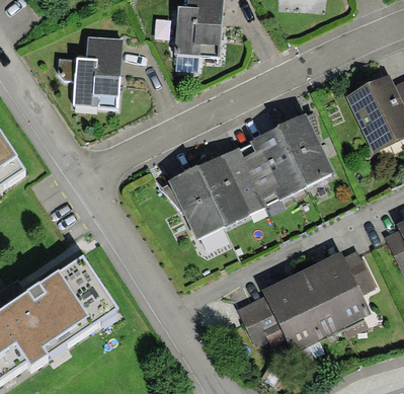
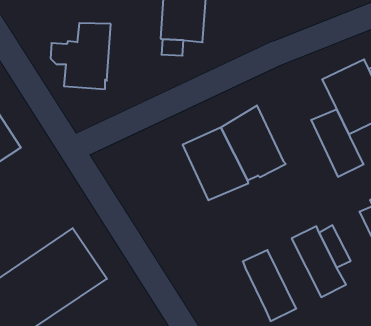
building: [276,113,332,184] -> [311,110,364,177]
building: [168,166,225,239] -> none
building: [288,265,344,339] -> none
building: [236,297,286,348] -> none

